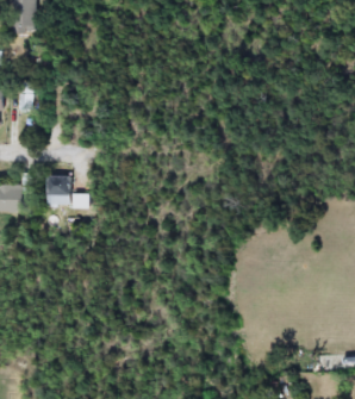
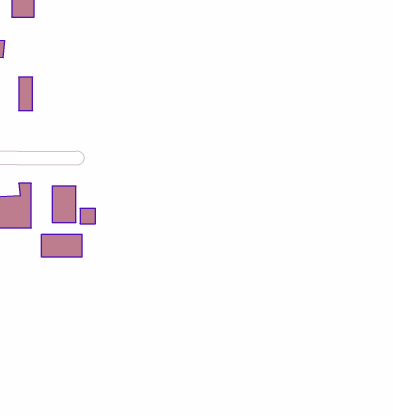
building: none -> [42,234,82,257]

